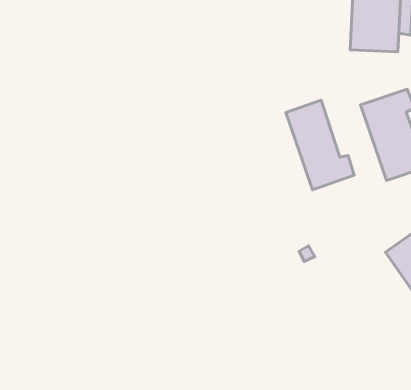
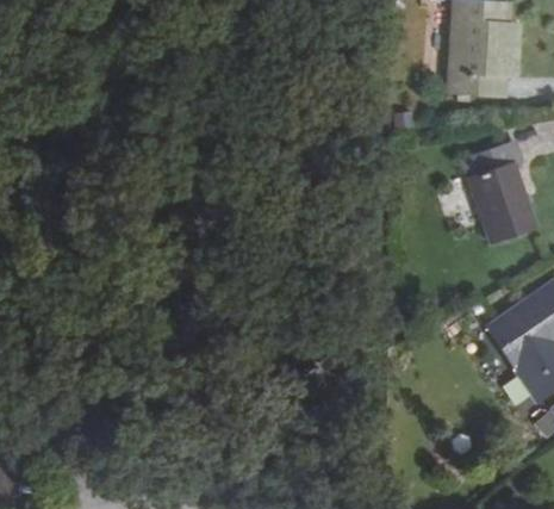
building: [286,100,354,190] -> none

